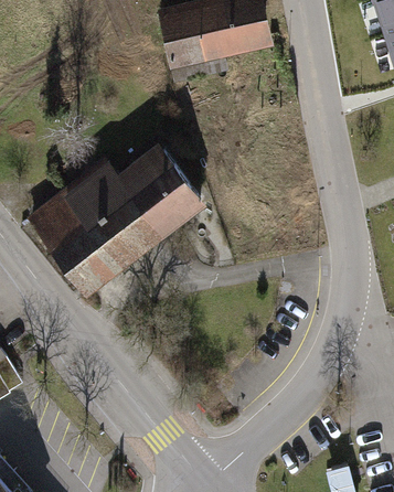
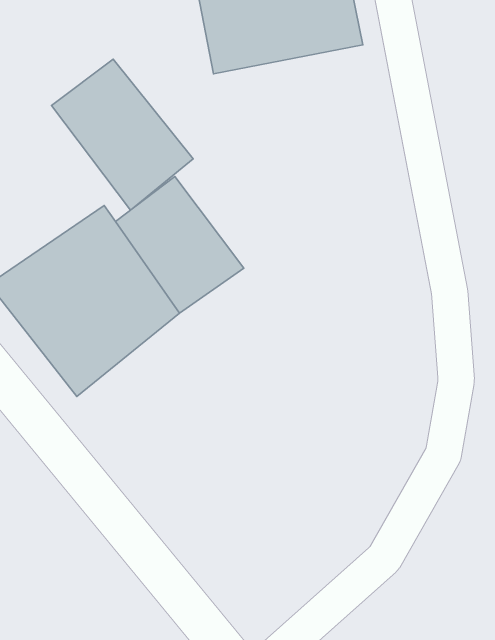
building: none -> [51,59,193,210]

